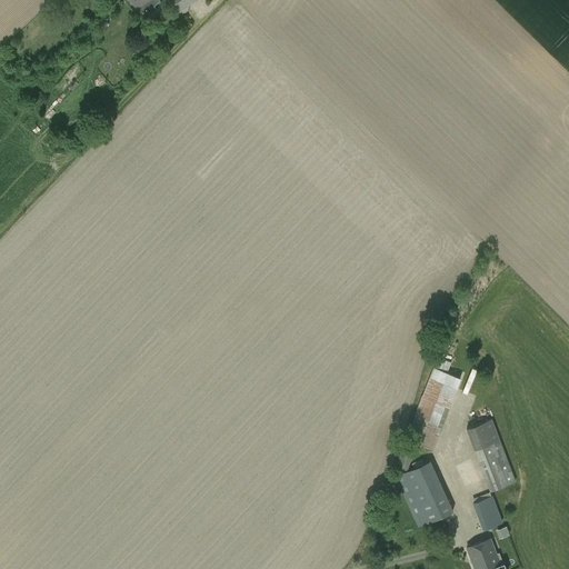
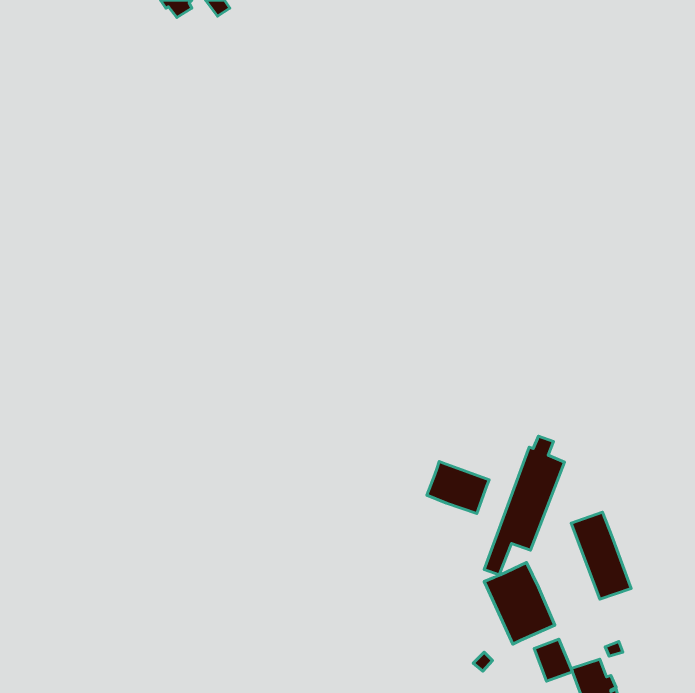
building: none -> [427,461,489,513]
building: [472,496,503,530] -> [534,639,572,681]

